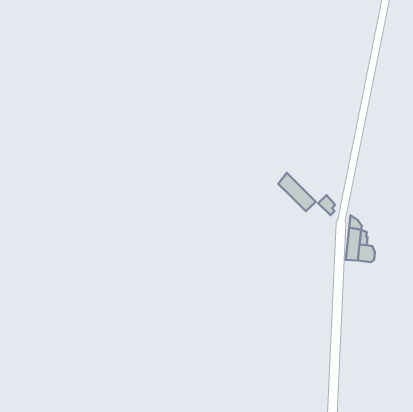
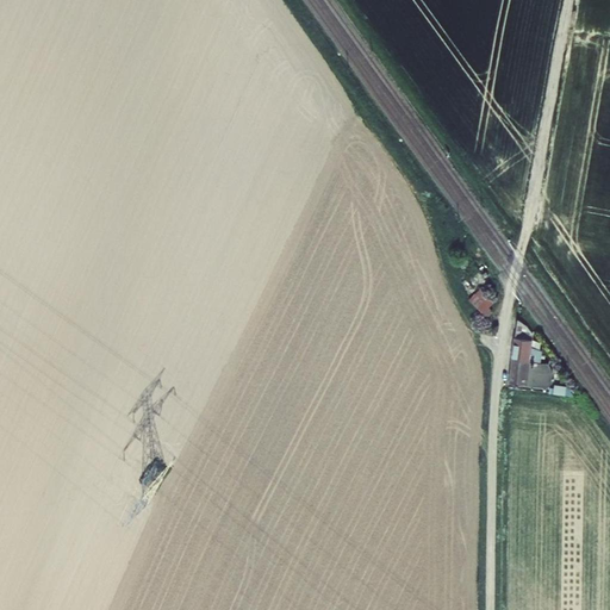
building: [278,173,316,211] -> none

